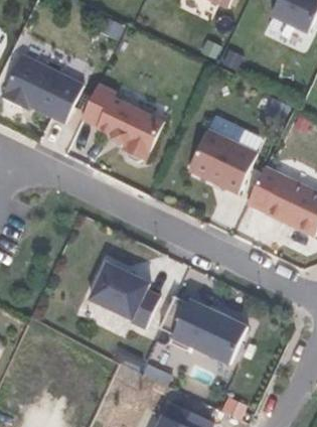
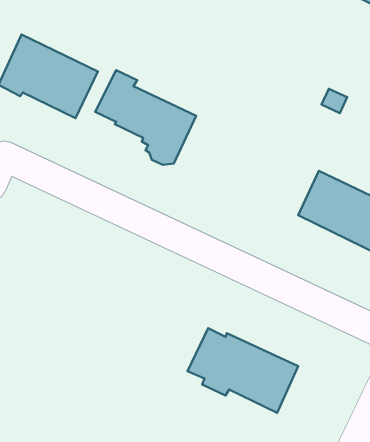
building: [188,129,256,193] -> none
building: [90,263,159,329] -> none

